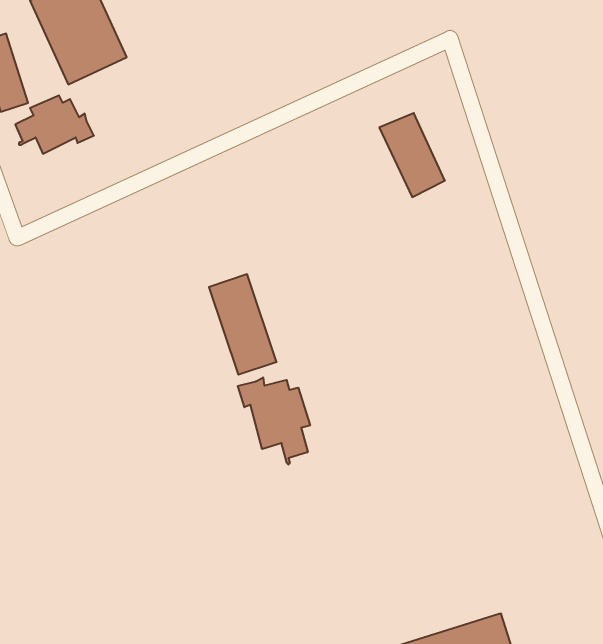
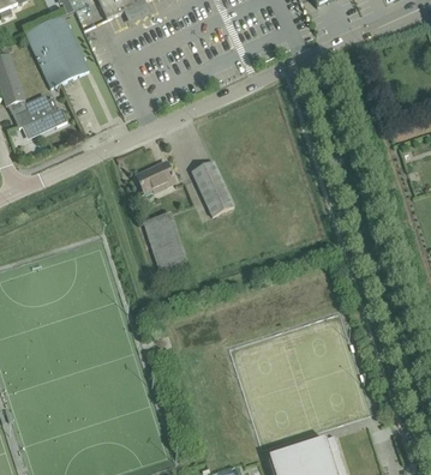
building: [379,113,445,197] -> [191,160,234,215]
building: none -> [136,161,175,192]
building: [238,377,310,465] -> none

